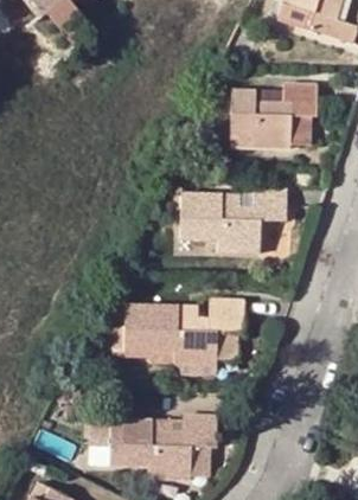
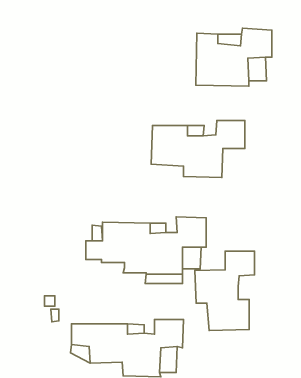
building: none -> [195,251,254,330]

